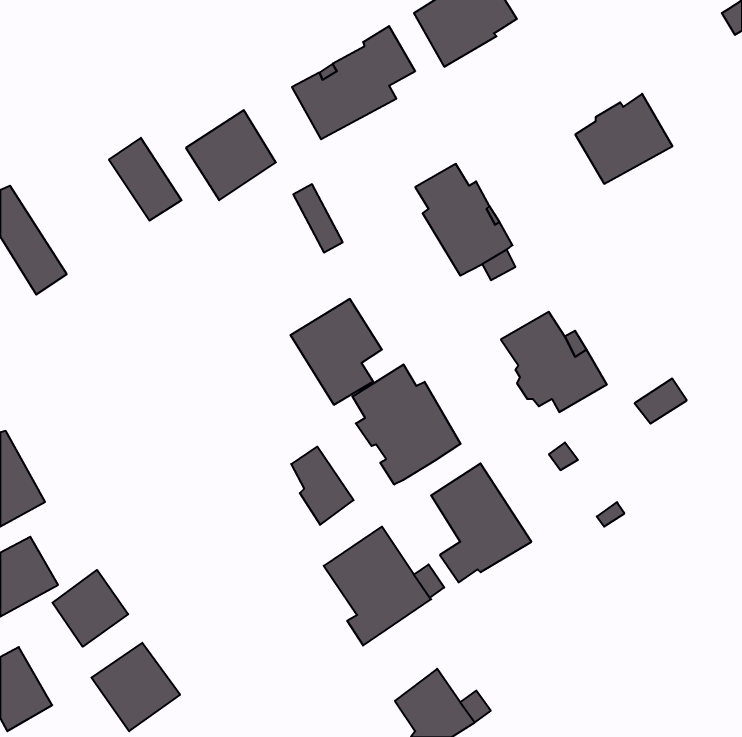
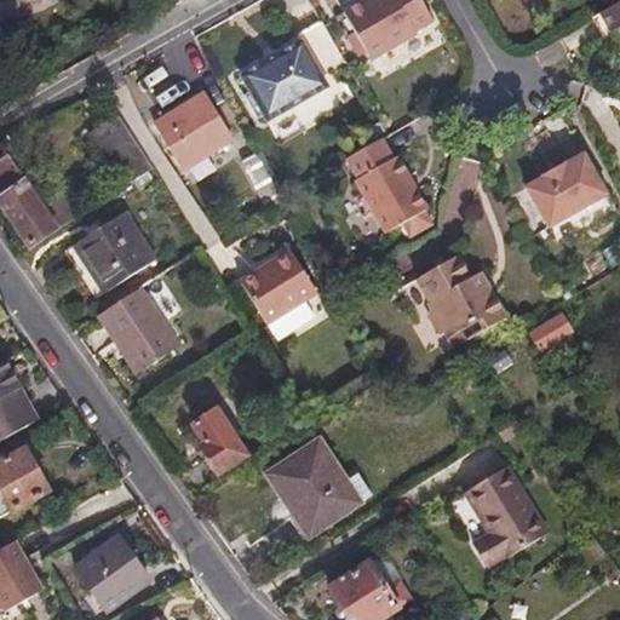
building: [575,94,673,184] -> [526,149,607,224]
building: none -> [75,212,155,292]
building: none -> [97,286,180,373]
building: [352,364,461,485] -> none
building: [291,447,354,525] -> [194,408,246,473]
building: [431,463,531,582] -> [465,466,549,566]
building: [52,570,128,647] -> none

